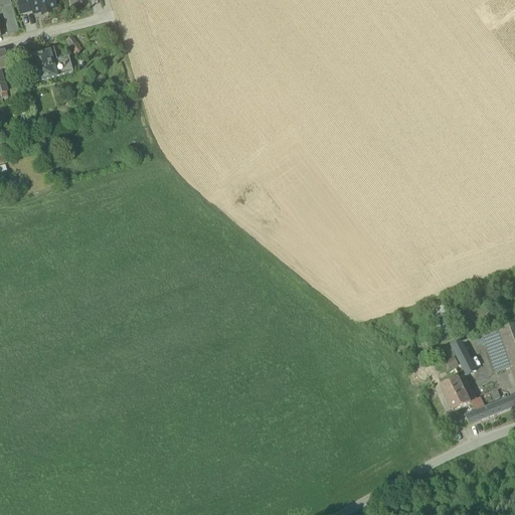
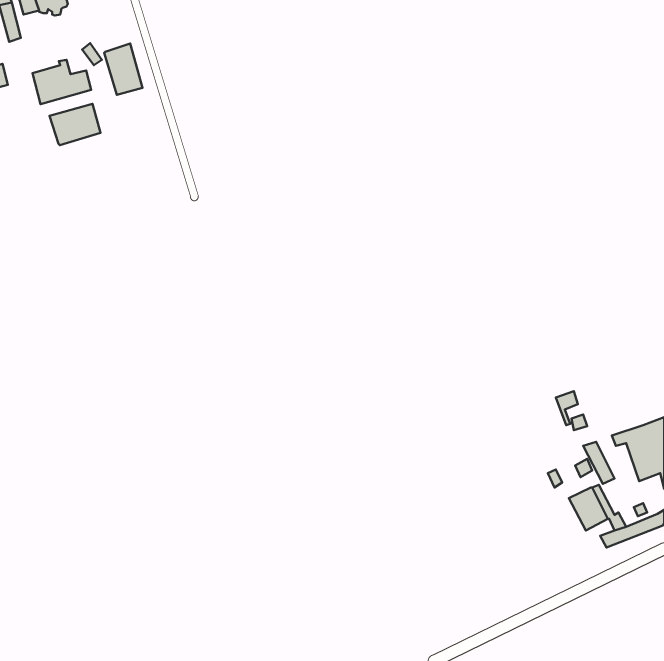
building: none -> [104,44,143,95]
building: none -> [50,104,100,145]

